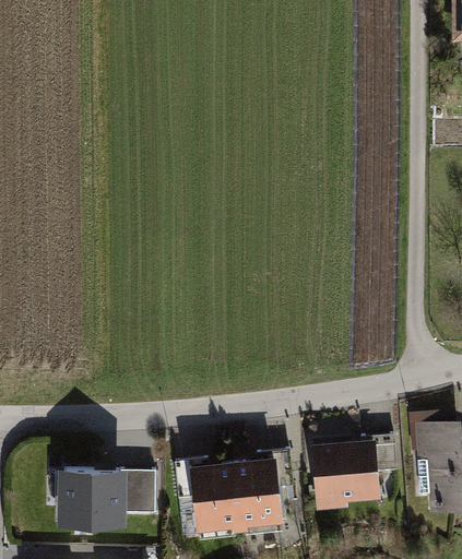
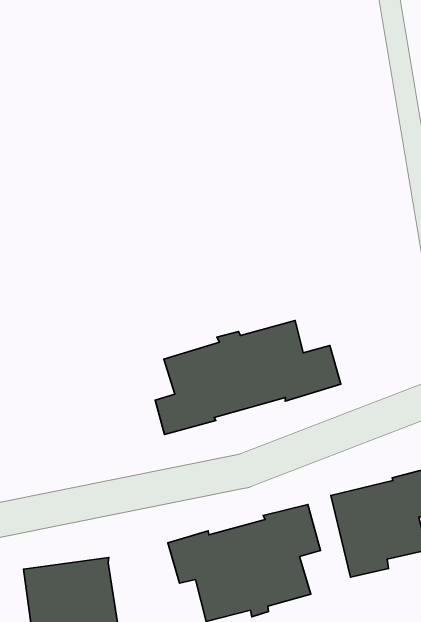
building: none -> [155,320,341,435]
building: [125,472,157,515] -> none

